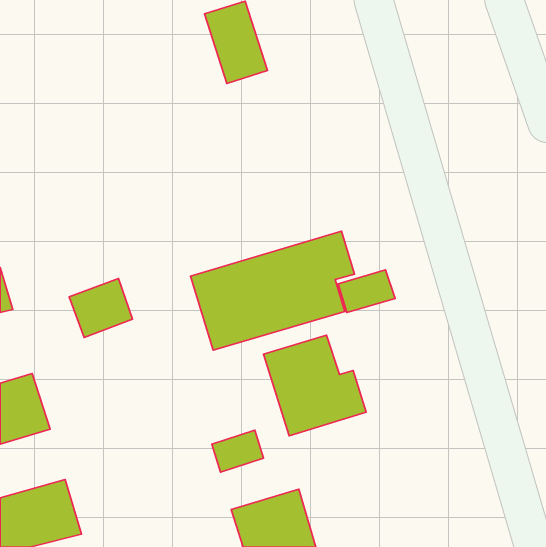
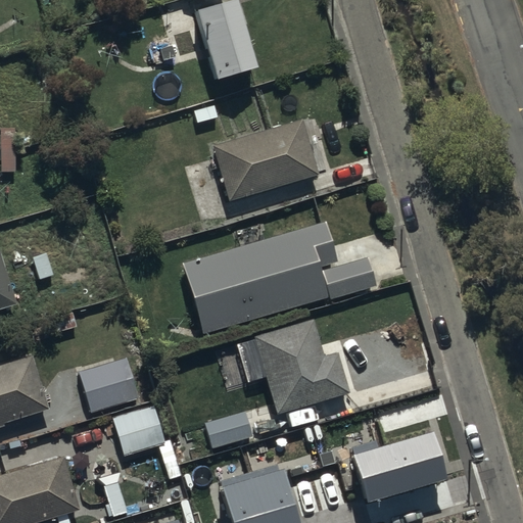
building: none -> [208,120,317,203]
building: [69,279,132,337] -> [78,358,138,414]
building: none -> [112,406,167,457]
building: none -> [353,432,448,504]

